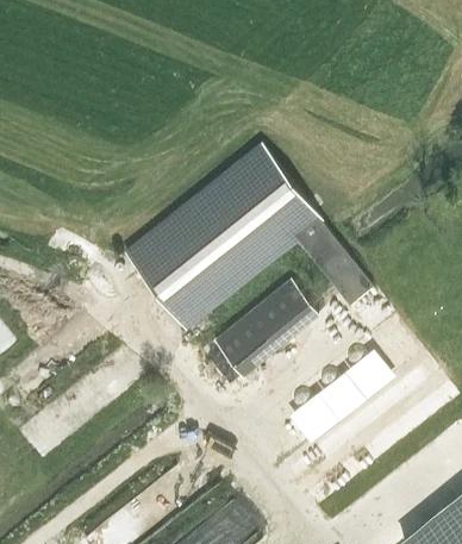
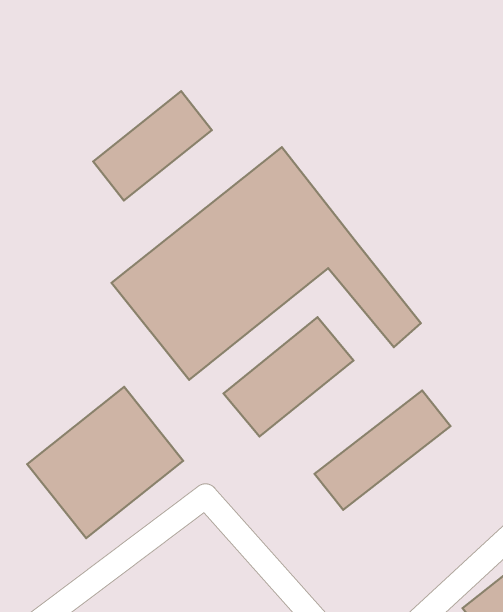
building: none -> [93,91,212,201]
building: none -> [27,387,183,538]

